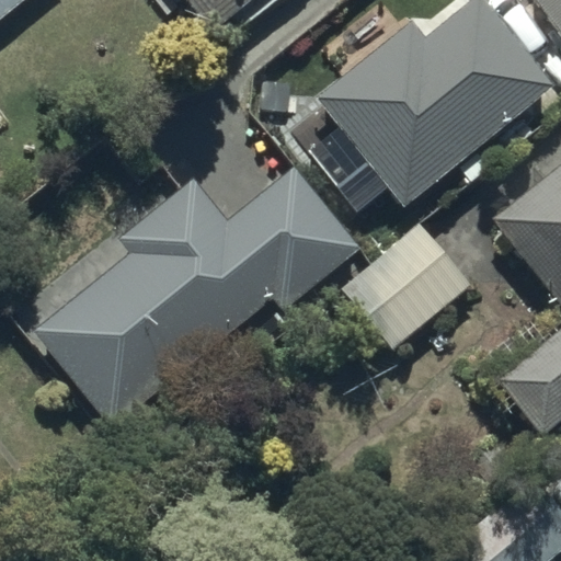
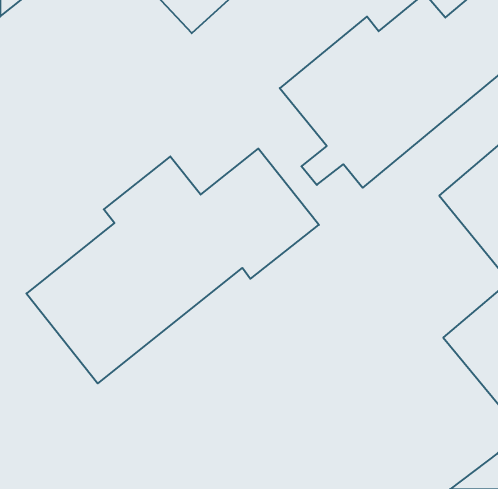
building: [343,221,471,344] -> none

